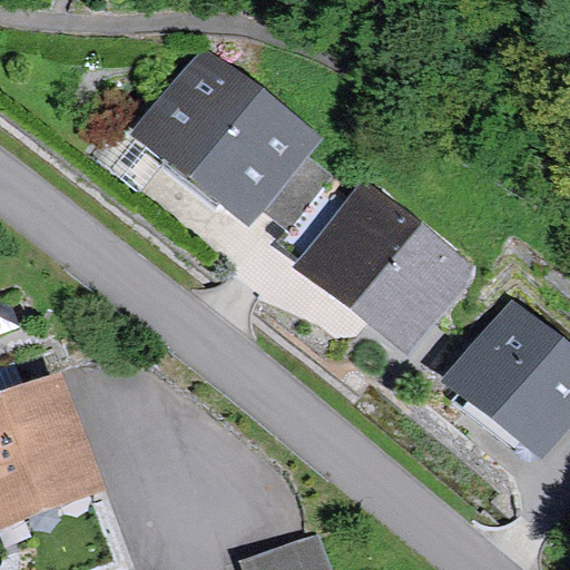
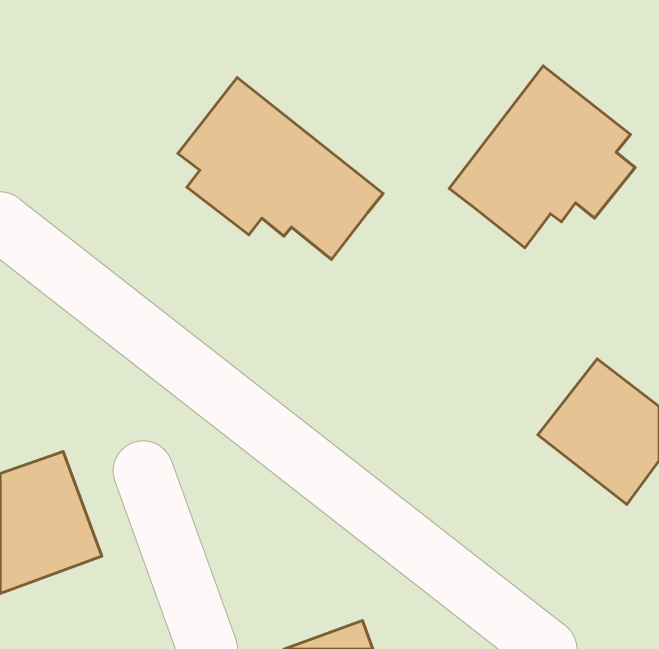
building: none -> [449,66,635,248]
building: [281,184,459,331] -> none

